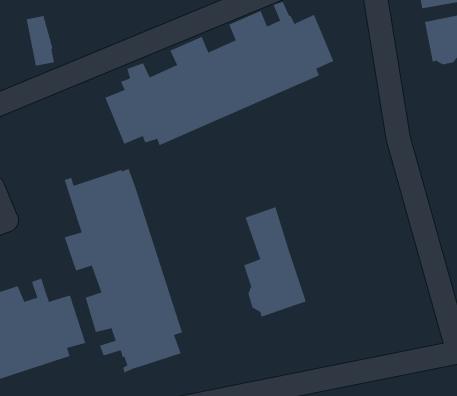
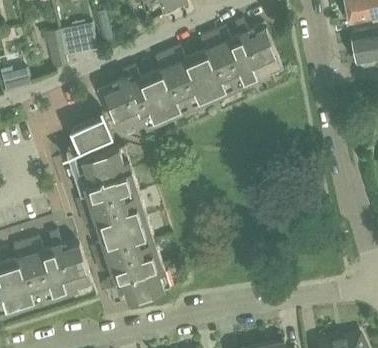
building: none -> [59,22,97,54]
building: none -> [69,113,113,150]
building: [243,206,306,318] -> none

